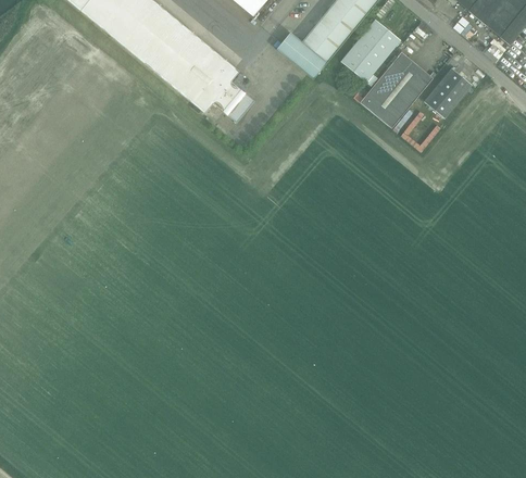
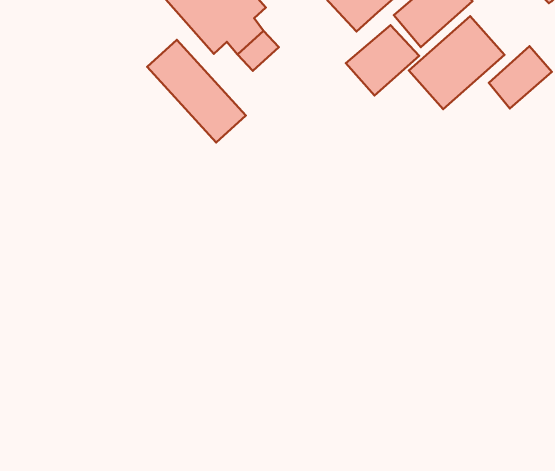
building: none -> [346,25,419,96]
building: none -> [147,40,246,143]

